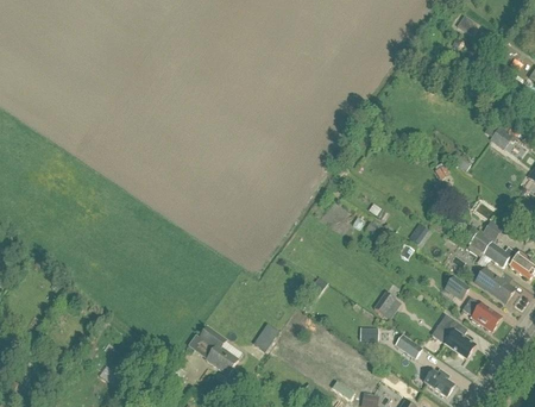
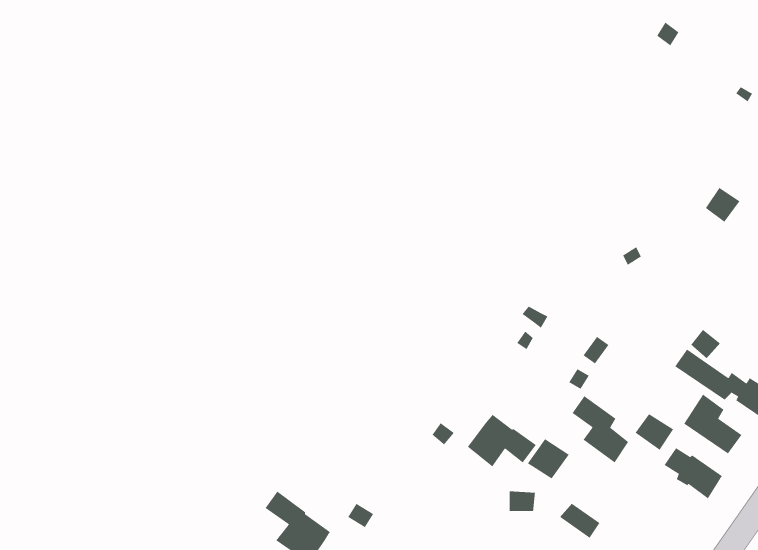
building: none -> [467,414,537,468]
building: [438,314,476,359] -> [572,395,629,463]

